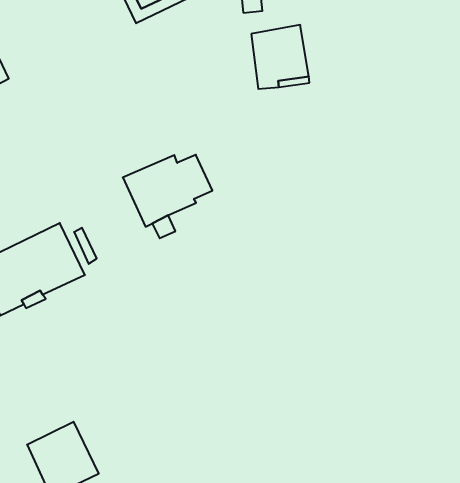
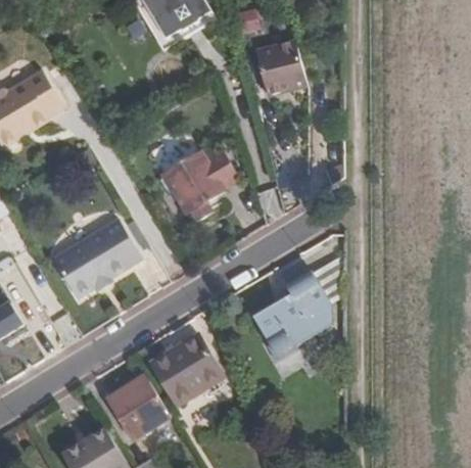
building: none -> [253,271,328,362]
building: none -> [151,337,221,405]

